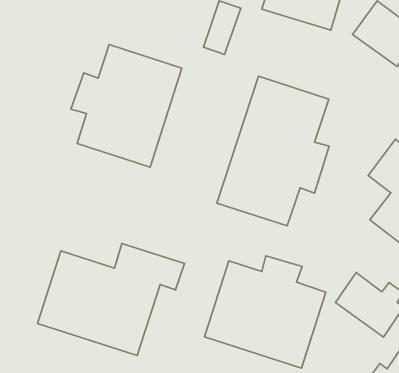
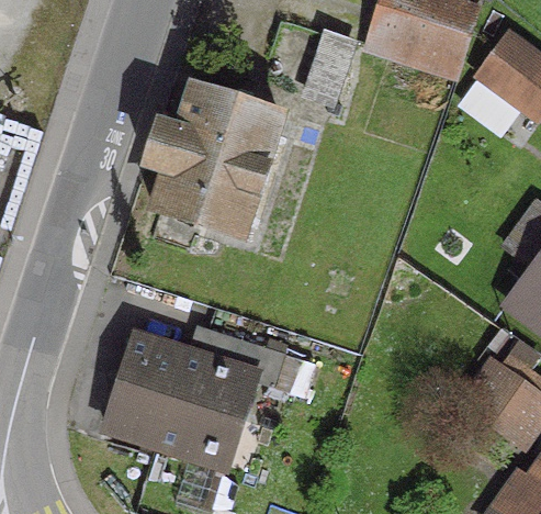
building: [217,76,329,226] -> none
building: [205,256,326,368] -> none

